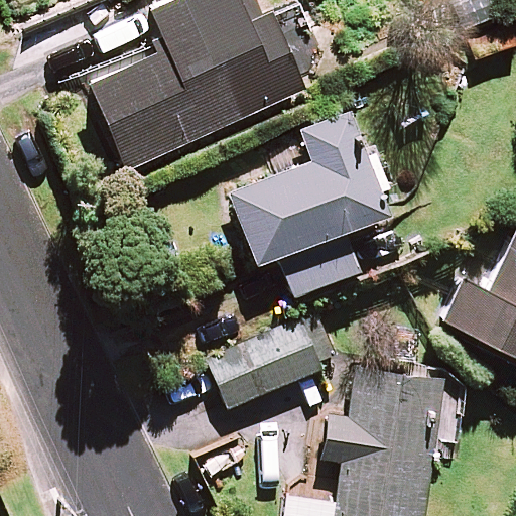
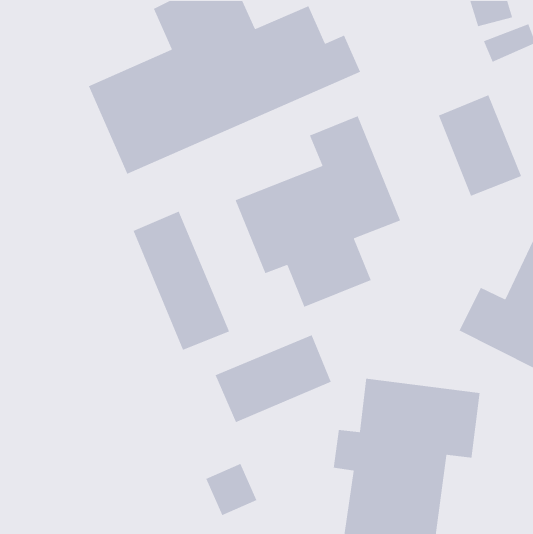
building: none -> [438,94,522,197]
building: none -> [132,211,230,351]

